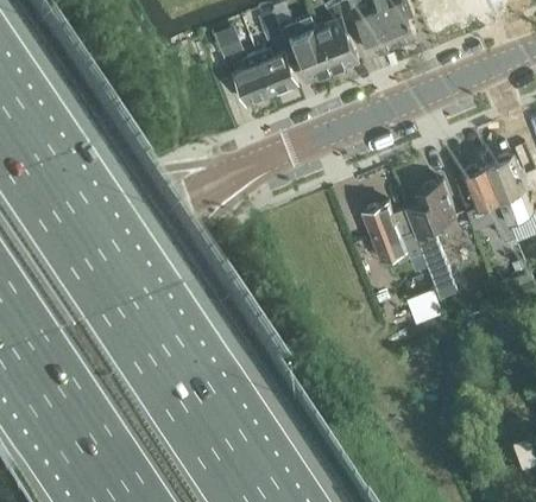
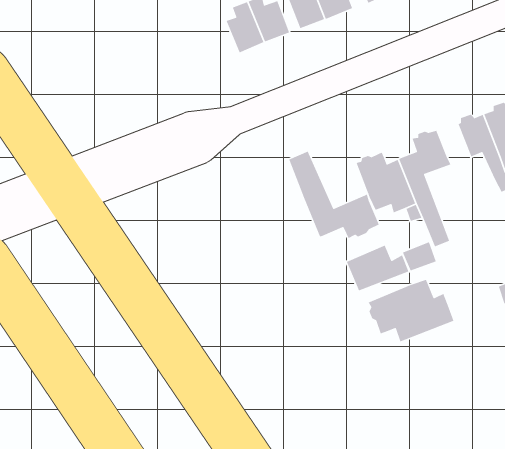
building: none -> [288,151,380,239]
building: none -> [346,245,409,292]
building: none -> [368,279,454,342]

